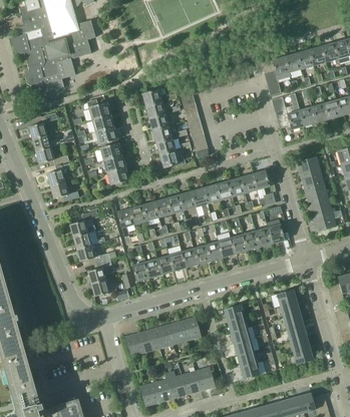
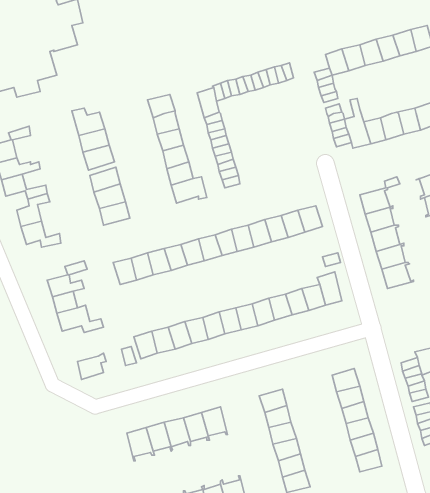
building: [87,259,111,284] -> none

